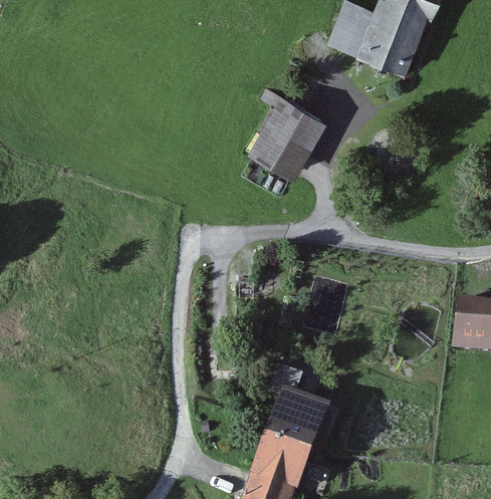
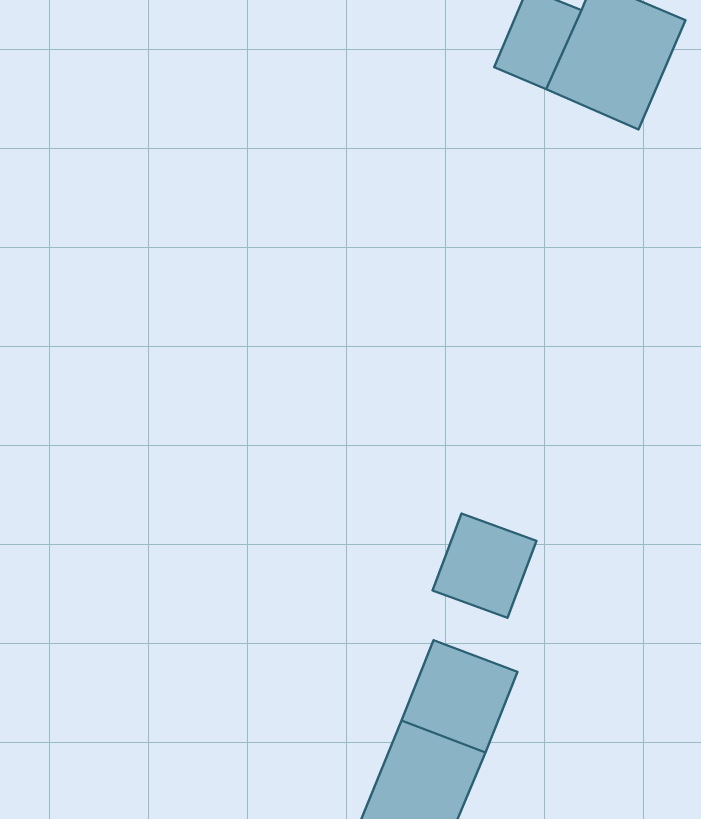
building: [251,87,331,172] -> none
building: none -> [432,514,537,618]

